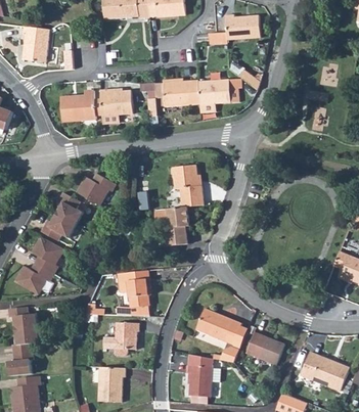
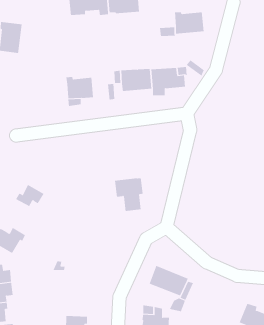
building: [60,90,95,121] -> none
building: [172,165,204,207] -> none
building: [76,175,116,204] -> none
building: [55,192,82,225] -> none
building: [31,236,63,273] -> none
building: [118,270,150,316] -> none
building: [103,322,139,355] -> none
building: [245,332,284,364] -> none

